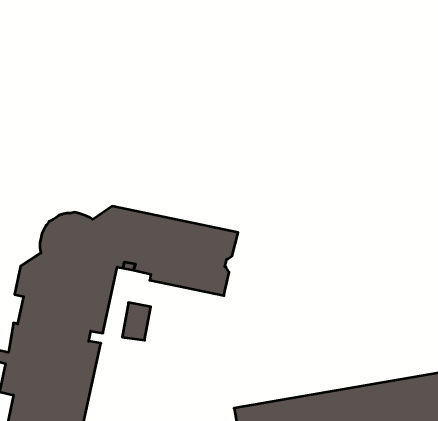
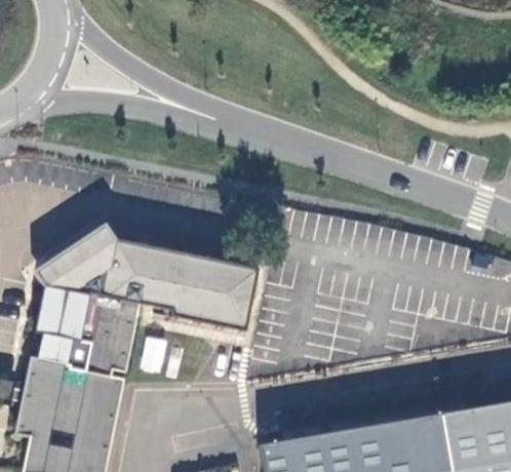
building: none -> [35,222,133,301]

